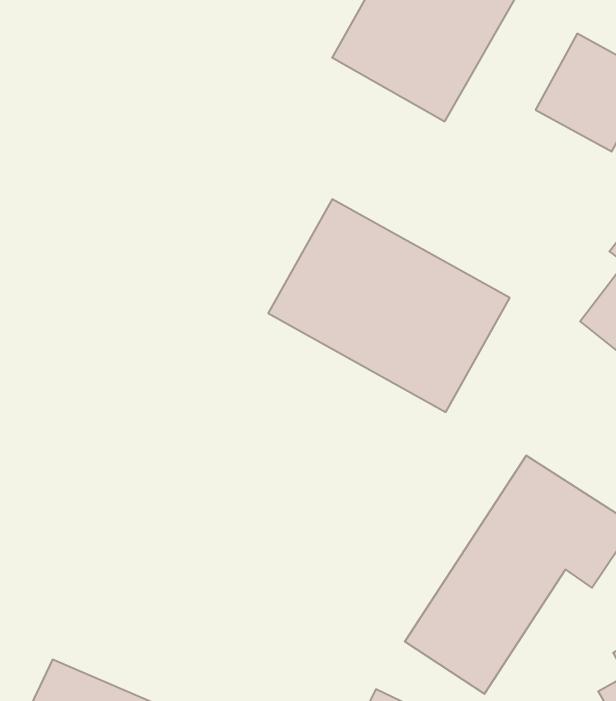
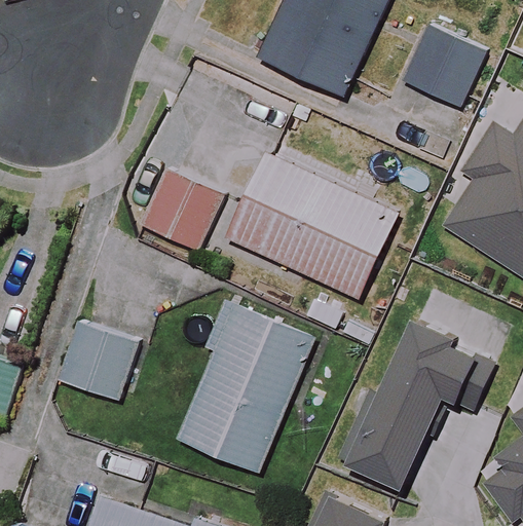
building: none -> [140,167,225,251]
building: none -> [177,298,320,474]
building: none -> [61,314,139,401]

